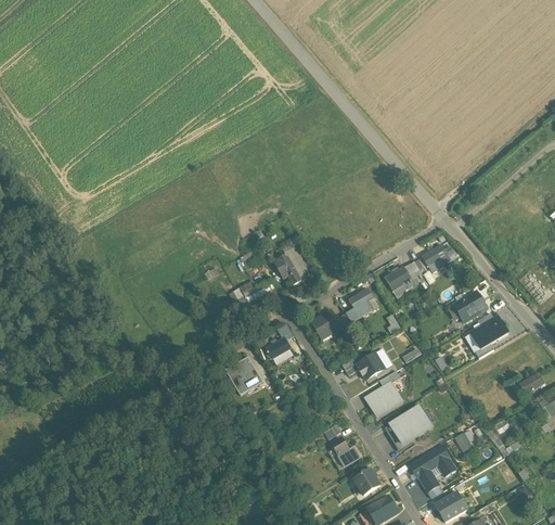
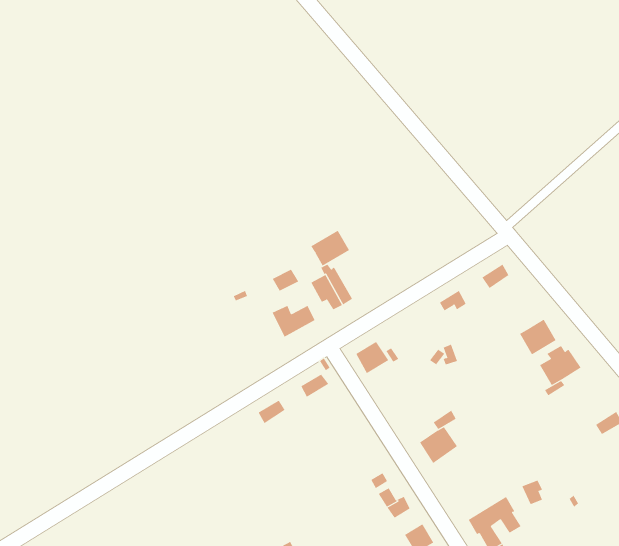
building: none -> [310,230,350,267]
building: [346,287,373,321] -> none
building: [356,353,385,381] -> none
building: [390,408,430,445] -> none

